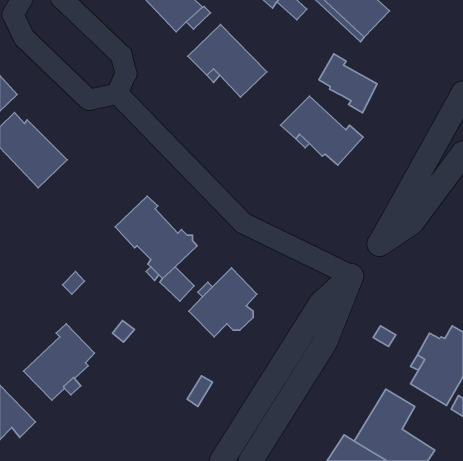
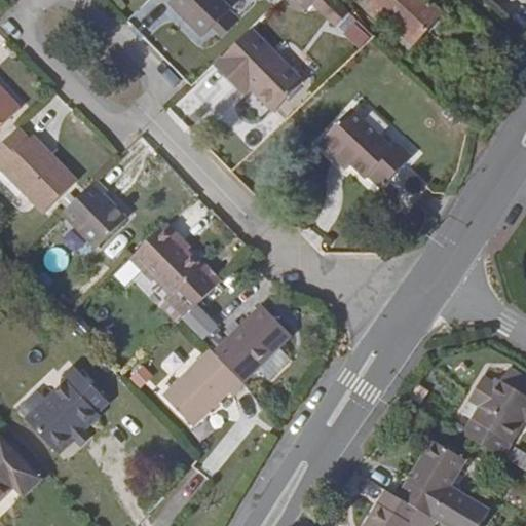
building: [319,54,377,113] -> none
building: none -> [62,180,125,248]
building: none -> [162,348,245,425]

